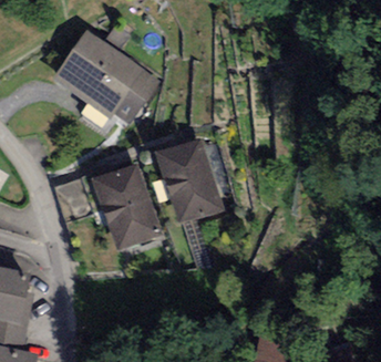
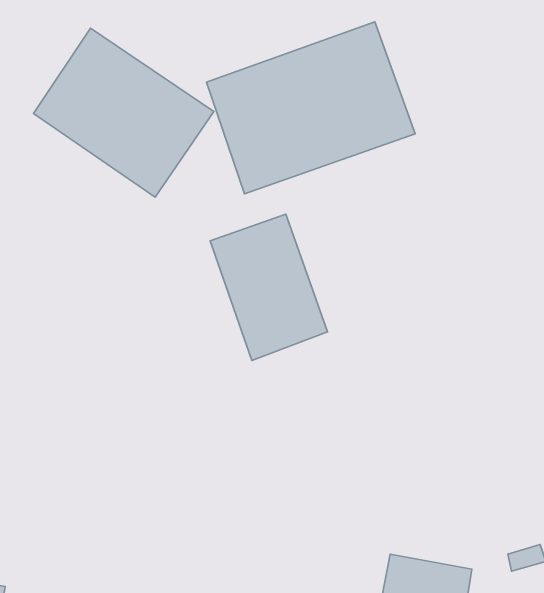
building: none -> [206,22,415,194]
building: [91,162,164,248] -> none

